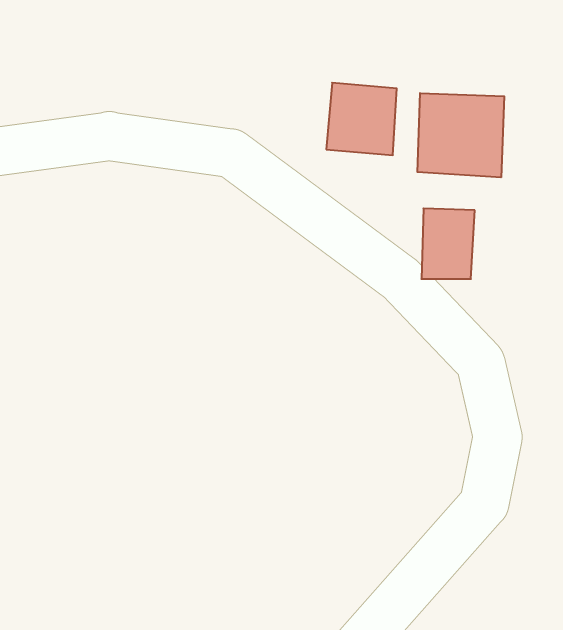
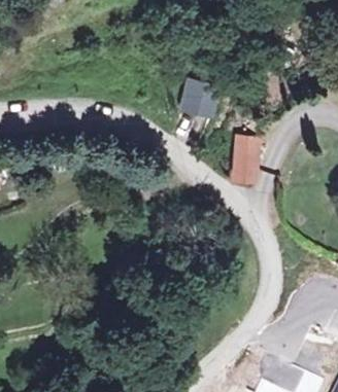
building: [417,93,504,177] -> none

